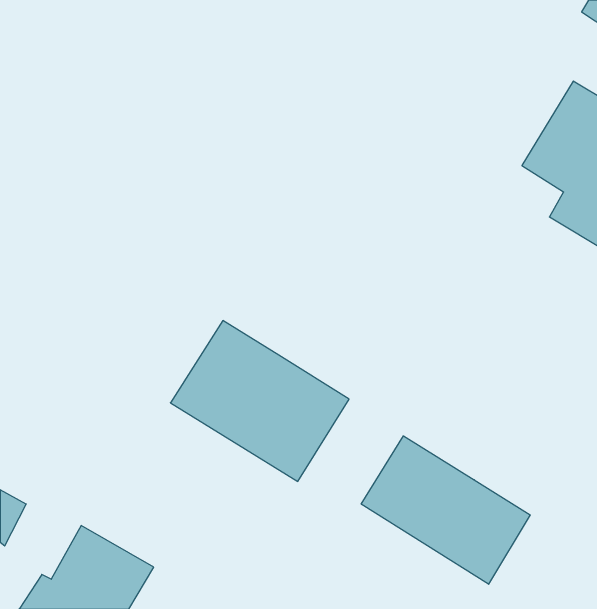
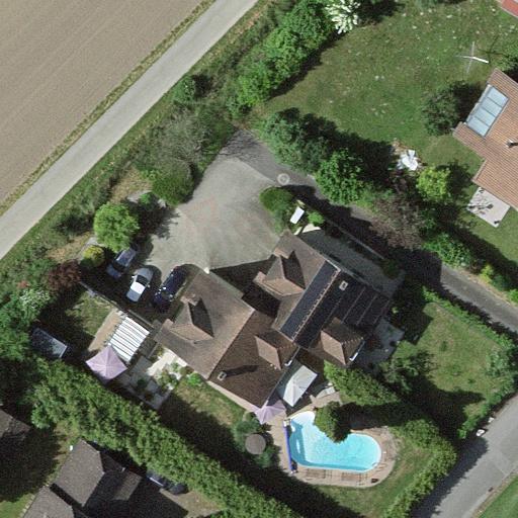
building: none -> [247,232,395,365]
building: [361,436,530,584] -> none

